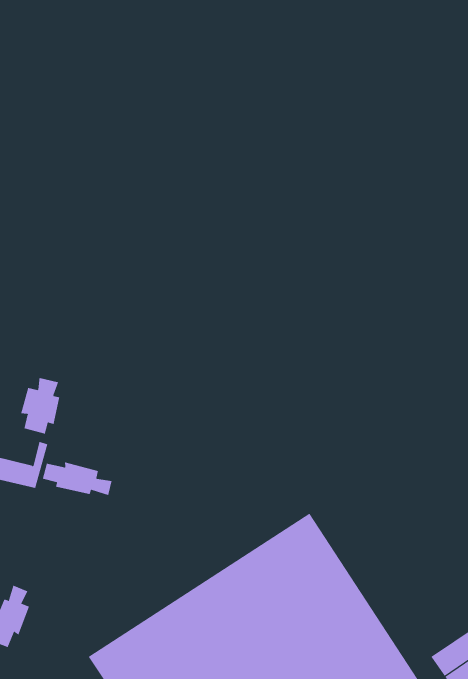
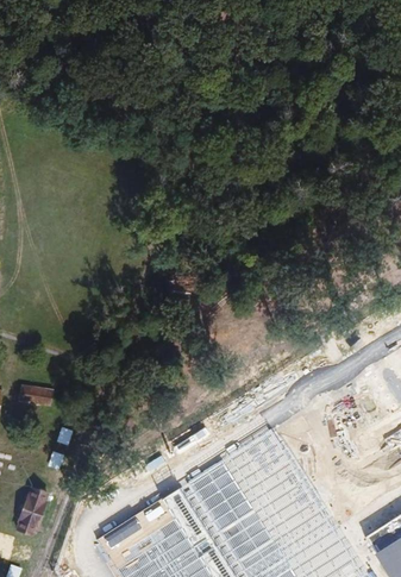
building: [20,377,60,434] -> none
building: [42,462,112,496] -> none

